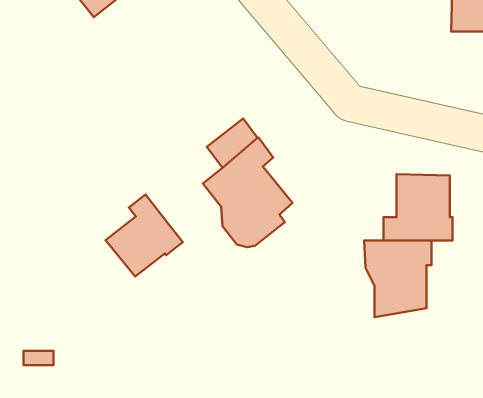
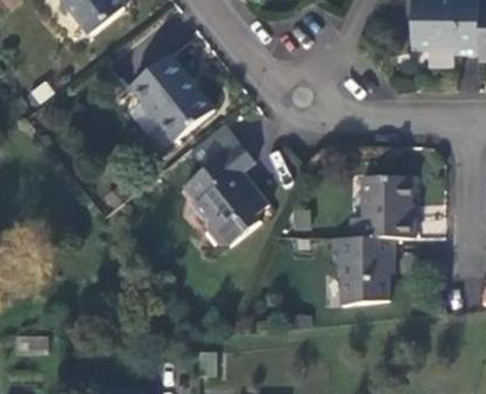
building: none -> [128,56,209,139]
building: [105,194,183,277] -> none

